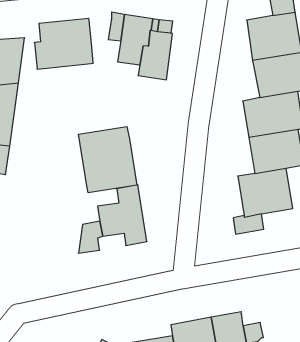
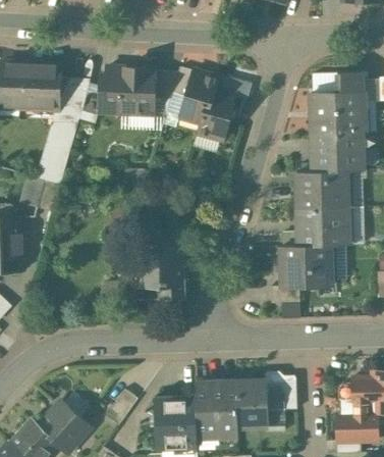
building: none -> [155,71,178,99]
building: [78,127,137,193] -> none
building: none -> [266,382,296,409]

